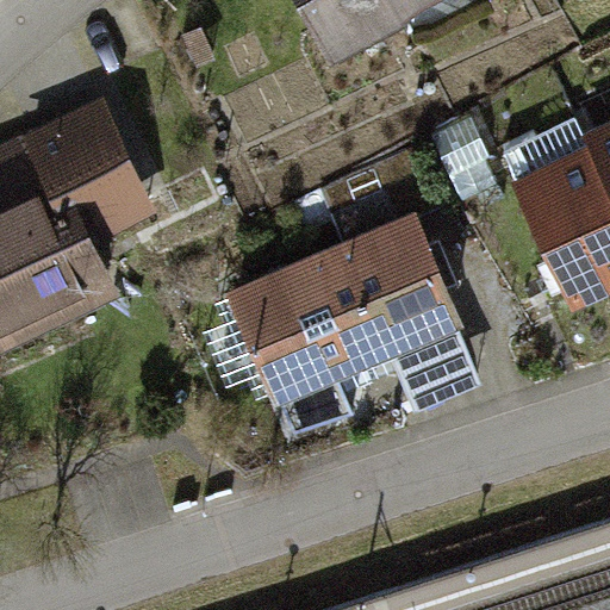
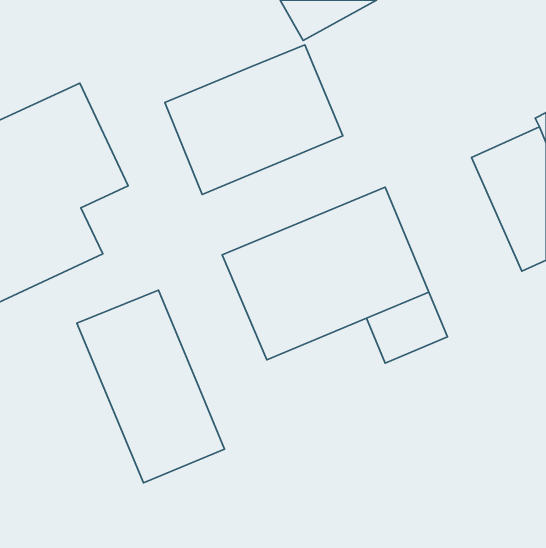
building: none -> [165,45,343,194]
building: none -> [77,290,225,483]

